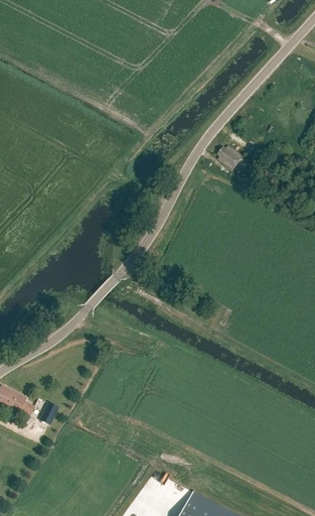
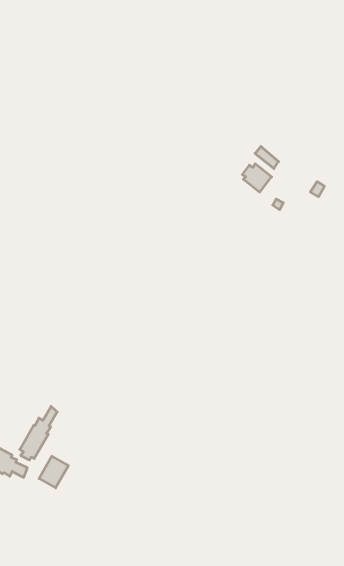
building: none -> [20,406,57,460]

